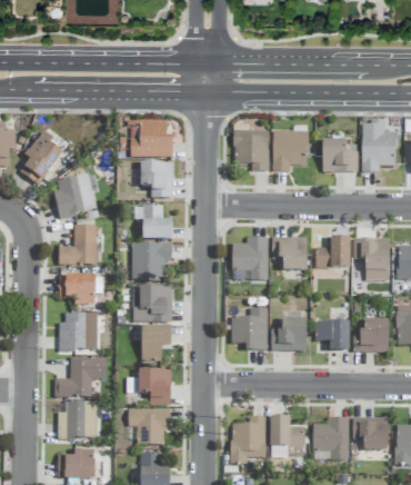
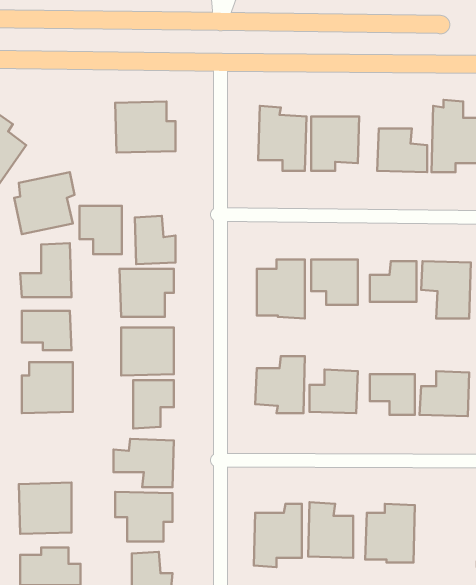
building: [141,162,172,198] -> [80,206,122,254]
building: [54,357,107,397] -> none
building: [352,417,388,451] -> none

